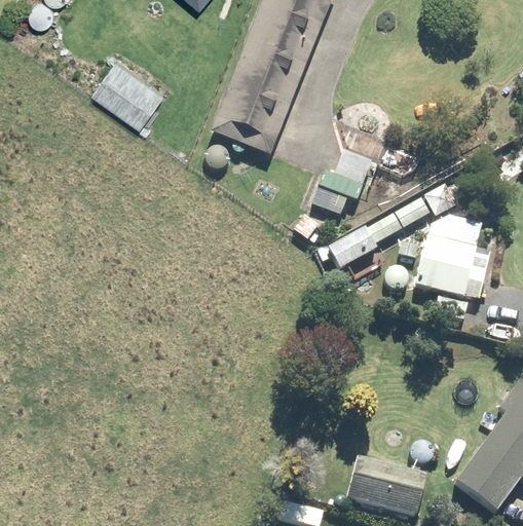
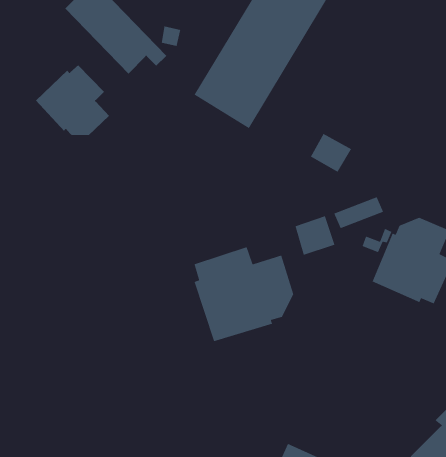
building: none -> [35,64,110,136]
building: none -> [193,246,294,342]

